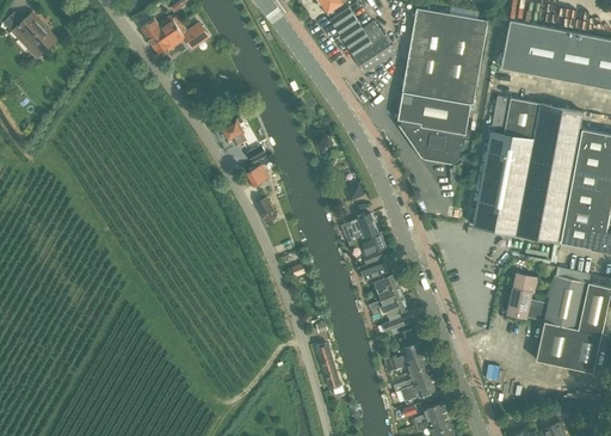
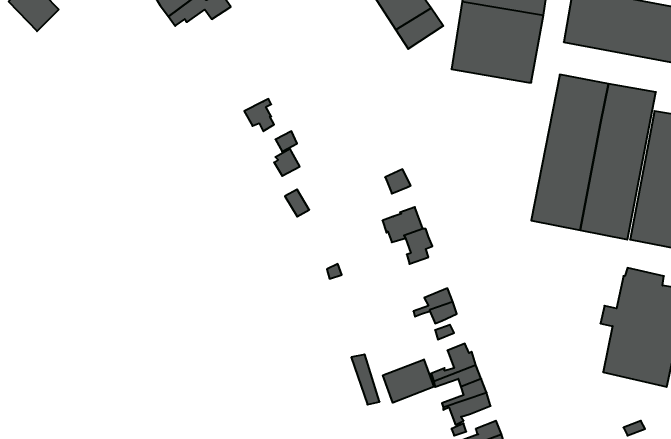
building: [397,92,470,166] -> none
building: [360,262,399,294] -> none
building: [507,275,537,318] -> none
building: none -> [383,359,434,403]

